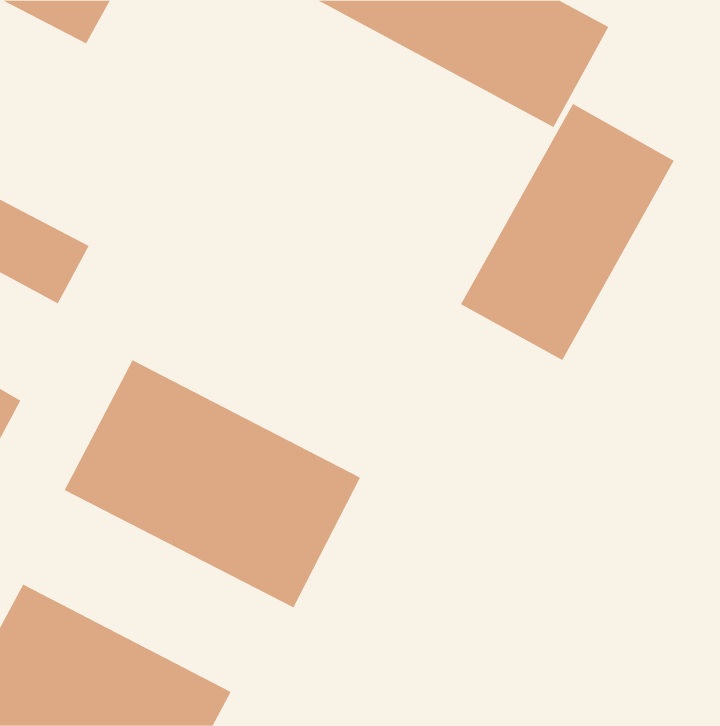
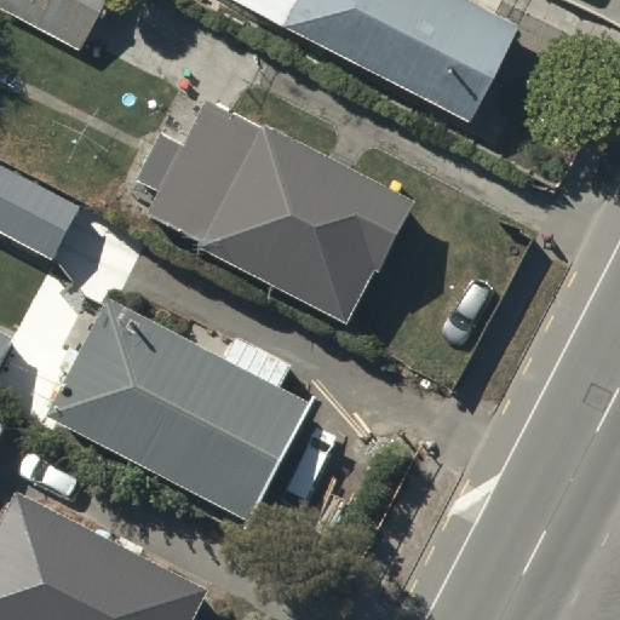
building: [460,103,674,361] -> none
building: none -> [132,103,404,321]

